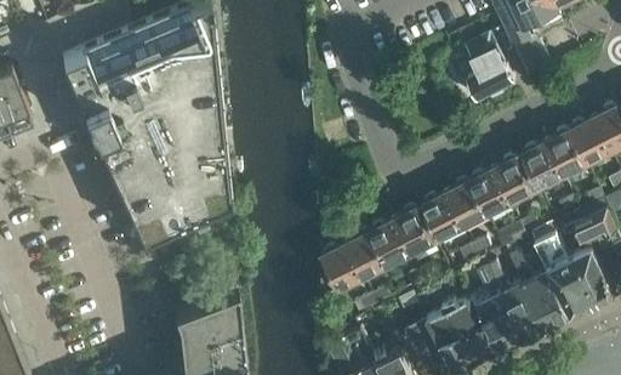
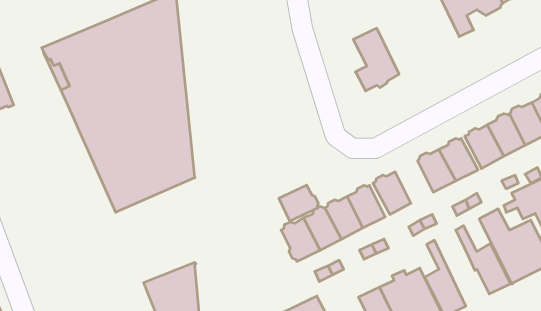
building: [463,35,513,103] -> [353,28,399,91]
building: [444,182,485,229] -> none
building: none -> [279,185,318,221]
building: [486,266,546,341] -> none

